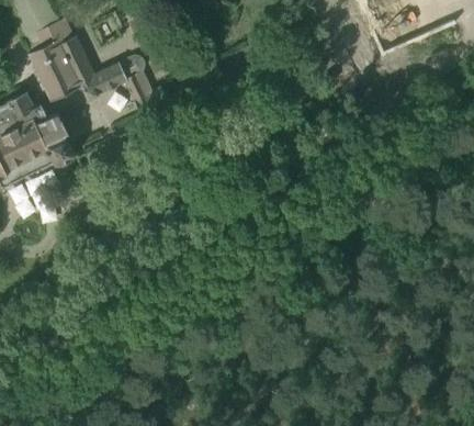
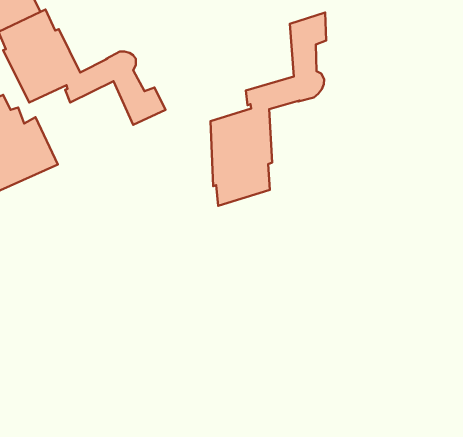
building: none -> [210,13,326,206]

